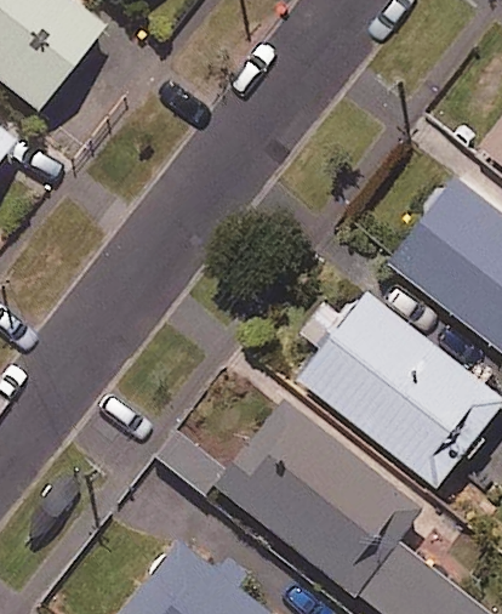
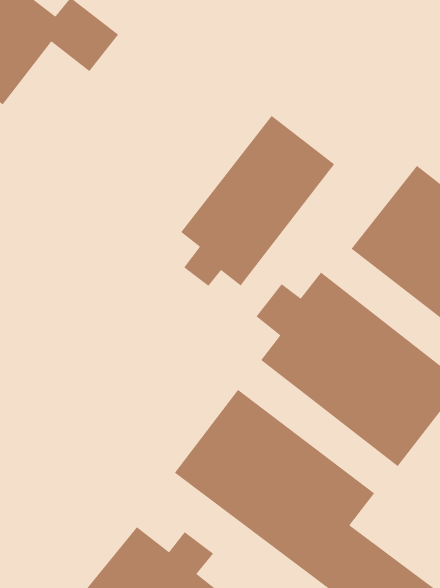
building: none -> [180,115,335,287]

